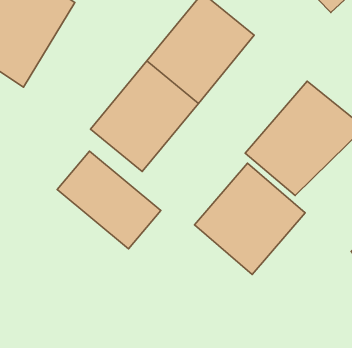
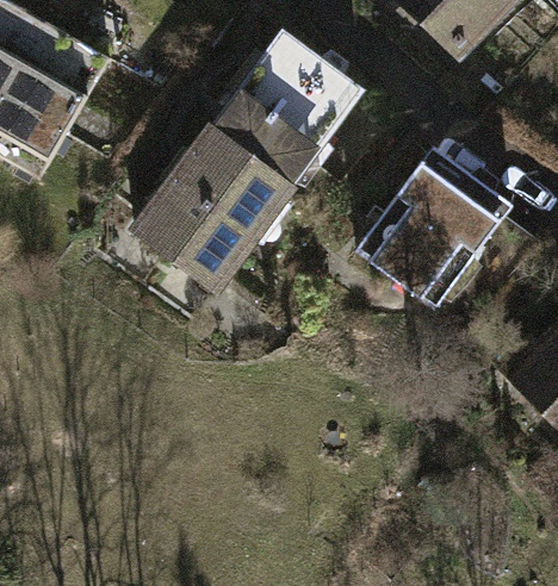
building: [57,151,161,249] -> none
building: [194,163,305,275] -> none

